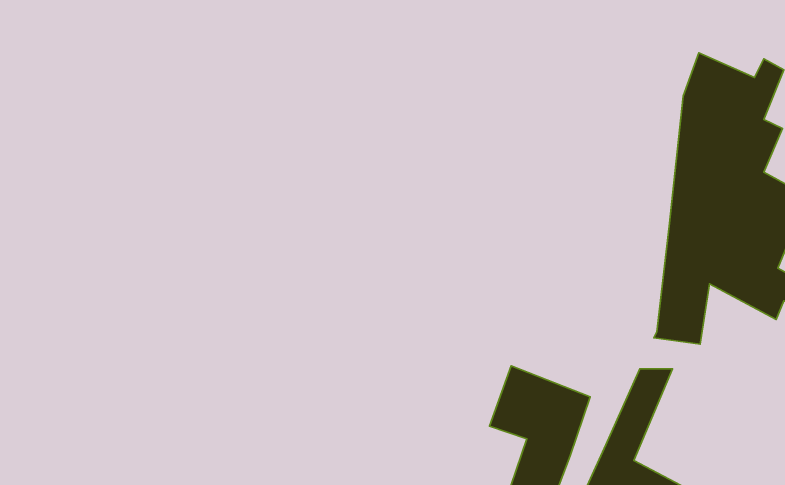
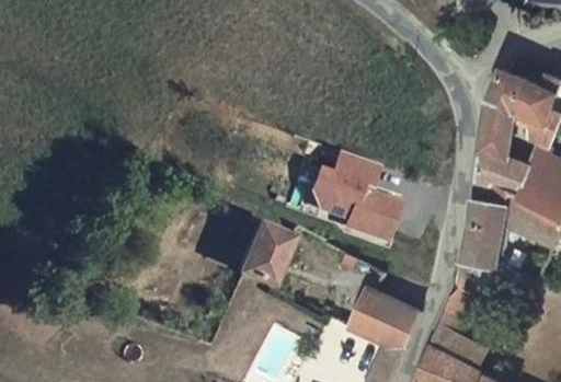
building: none -> [309,148,409,239]
building: none -> [232,223,288,287]

